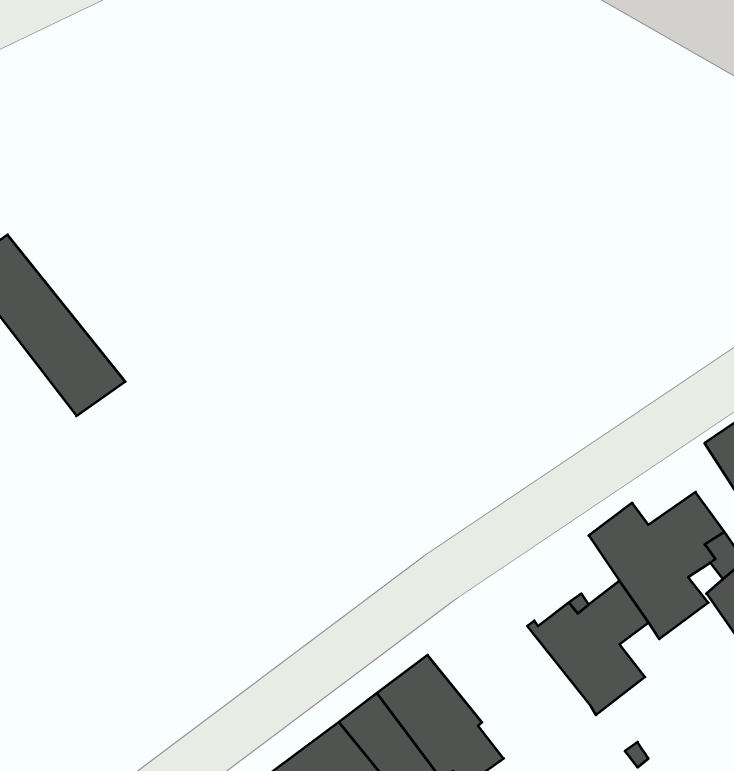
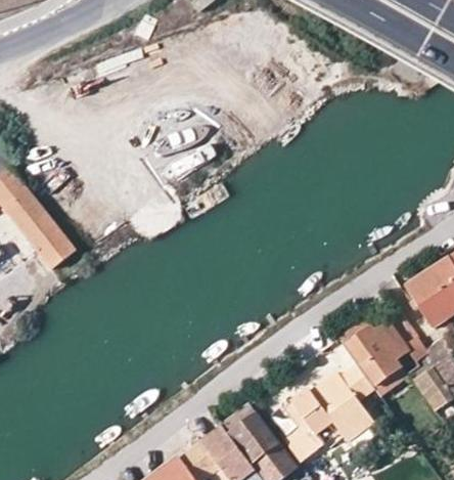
building: none -> [280,388,340,460]

